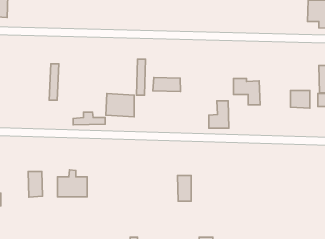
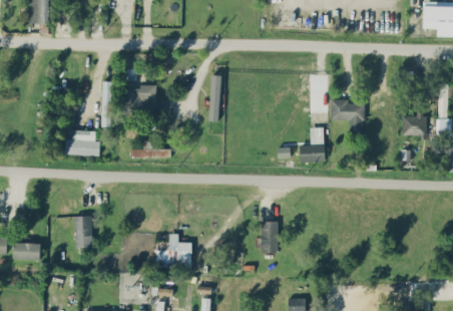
building: [153,78,180,92] -> none
building: [106,94,134,117] -> [121,86,156,115]
building: none -> [65,130,99,157]
building: [57,170,87,197] -> [154,234,191,268]

